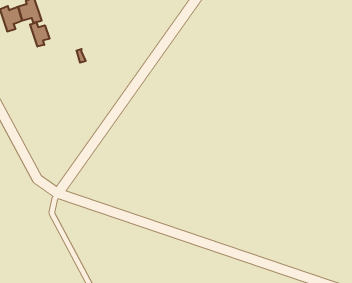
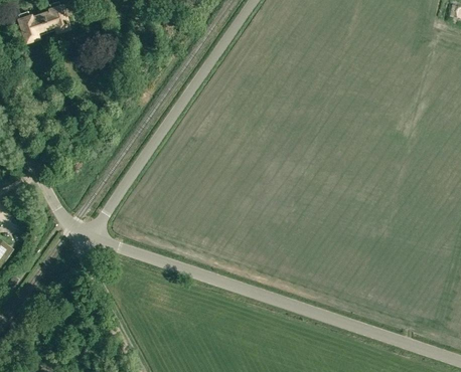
building: [30,22,50,47] -> none

